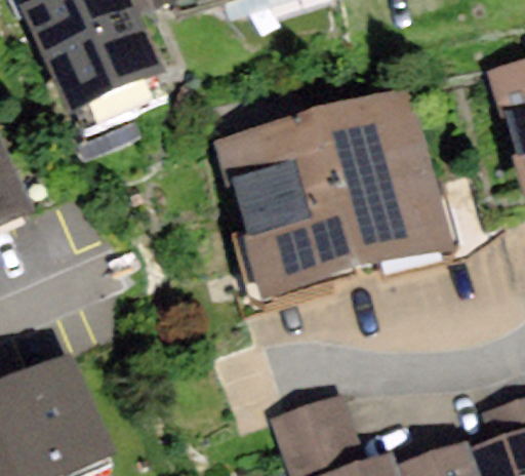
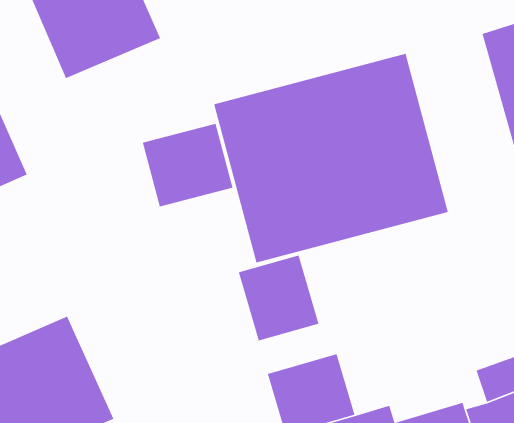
building: none -> [142,123,234,208]
building: none -> [238,254,319,342]

